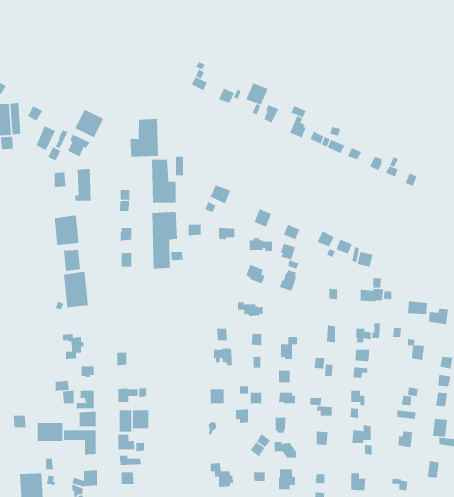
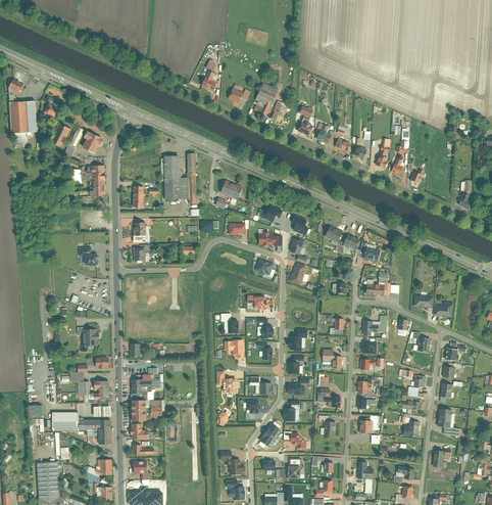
building: [75,109,104,138] -> none
building: [130,118,158,158] -> none
building: [152,211,177,269] -> none
building: [54,214,79,246] -> none
building: [63,271,88,308] -> none

